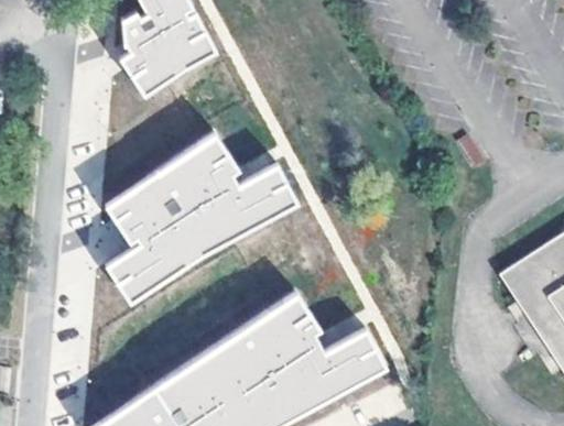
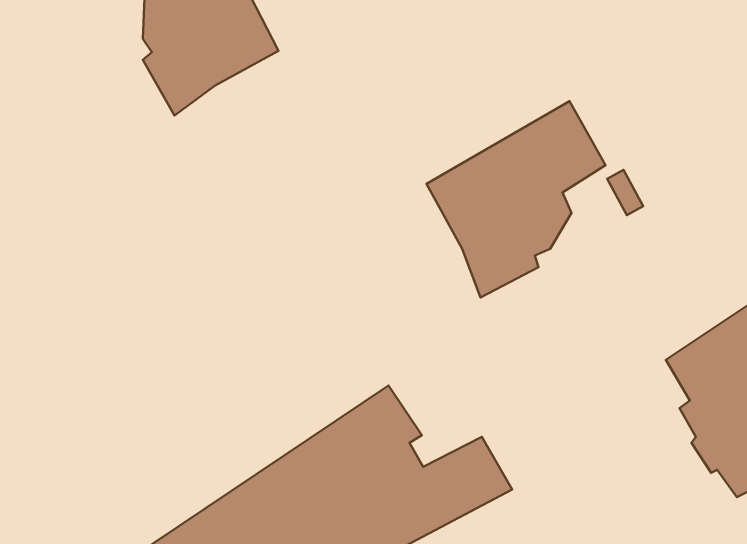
building: none -> [427,101,606,298]
building: [104,131,299,301] -> none

